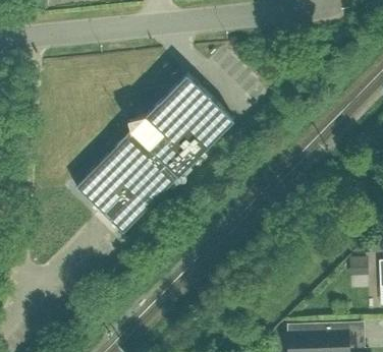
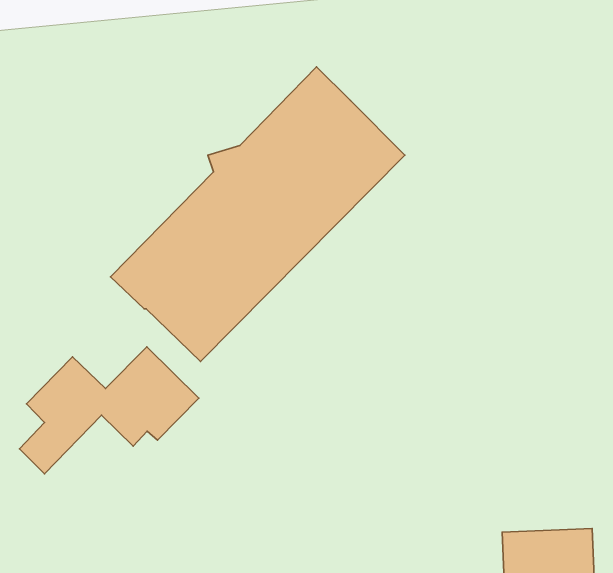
building: none -> [20,347,199,474]

